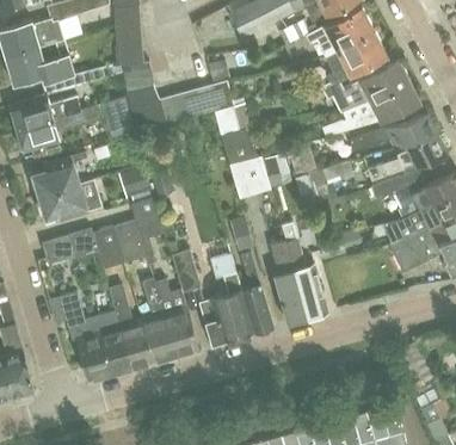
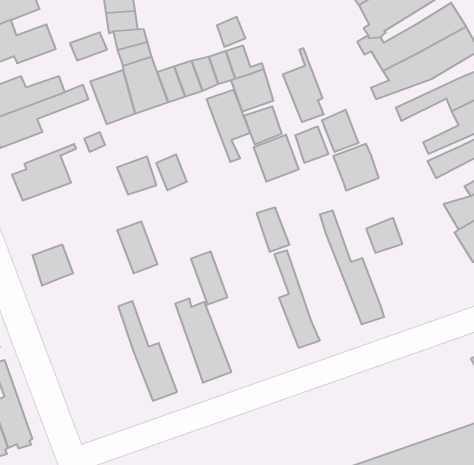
building: none -> [283,48,324,122]
building: [39,185,101,221] -> none
building: [130,198,164,257] -> [207,90,250,162]
building: [92,227,125,270] -> none
building: [199,240,255,345] -> none
building: [270,241,308,325] -> none
building: [142,278,175,361] -> none
building: [62,304,134,381] -> none

